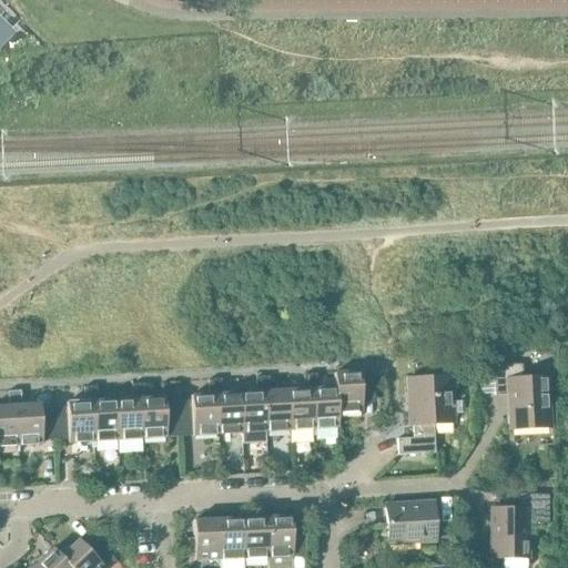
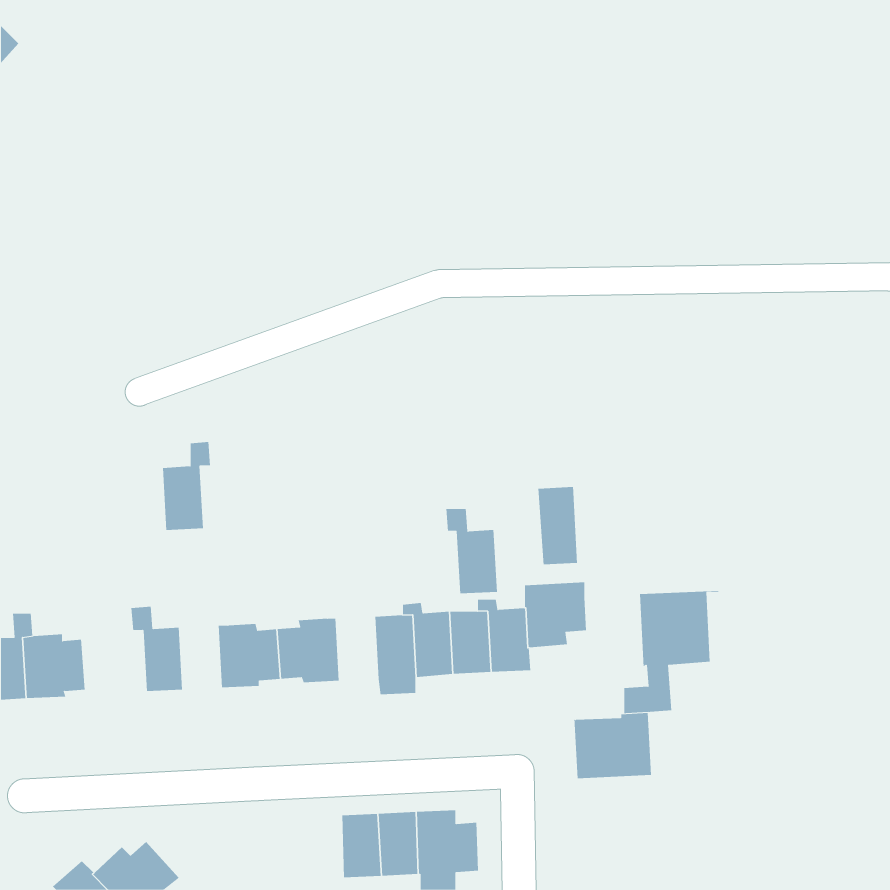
building: none -> [538,486,577,565]
building: [493,364,548,429] -> none
building: [207,379,241,434] -> [445,509,498,594]
building: [114,383,145,439] -> [162,442,211,530]
building: [52,402,93,443] -> none
building: [490,494,548,557] -> none
building: [385,501,435,544] -> [573,713,652,779]
building: [193,519,219,560] -> none

